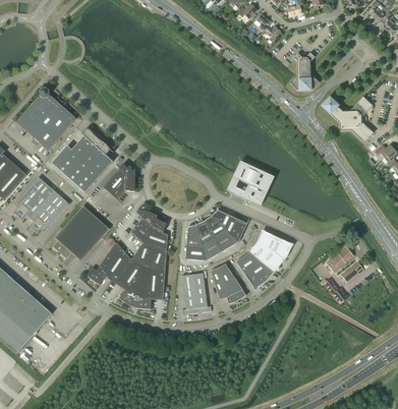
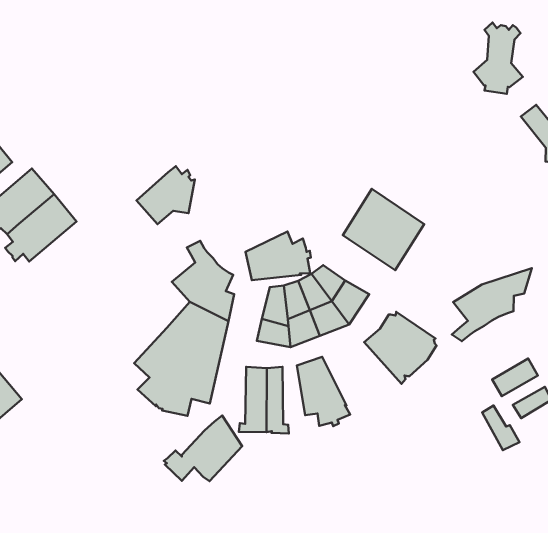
building: [16,87,76,151] -> none
building: [52,128,113,192] -> none
building: none -> [245,231,311,280]
building: none -> [452,268,532,341]
building: [52,206,109,260] -> none
building: [87,243,131,285] -> [164,416,242,481]
building: [236,251,274,287] -> none

